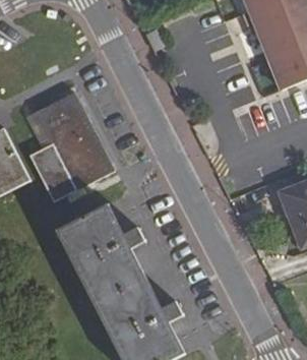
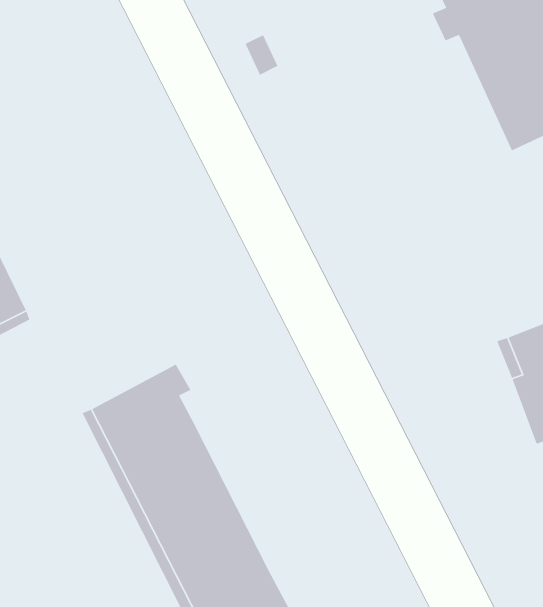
building: [29,93,114,202] -> none

